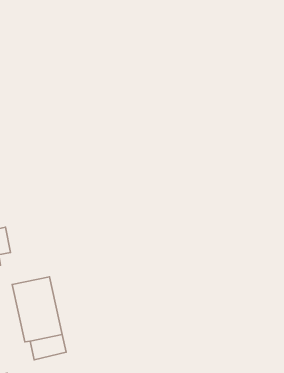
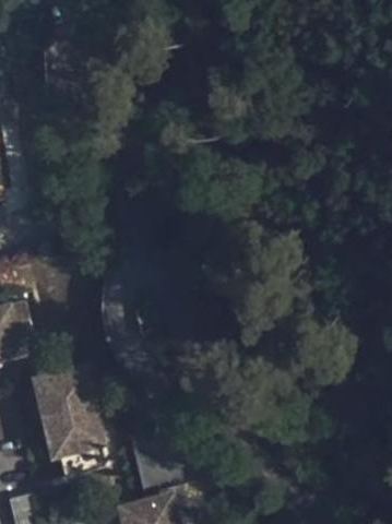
building: none -> [127,432,176,486]

